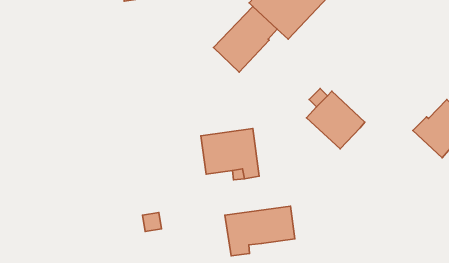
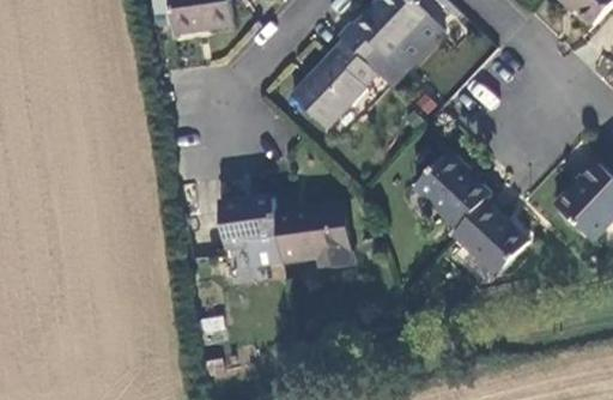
building: none -> [219,196,283,267]
building: none -> [453,201,528,275]
building: [225,206,295,256] -> none

